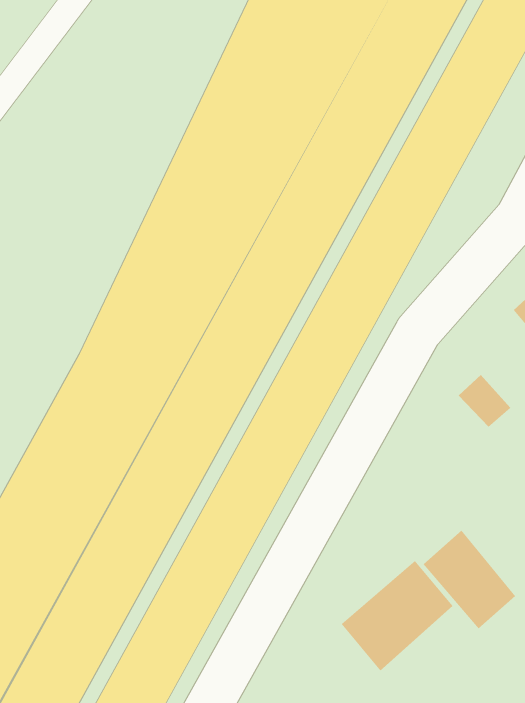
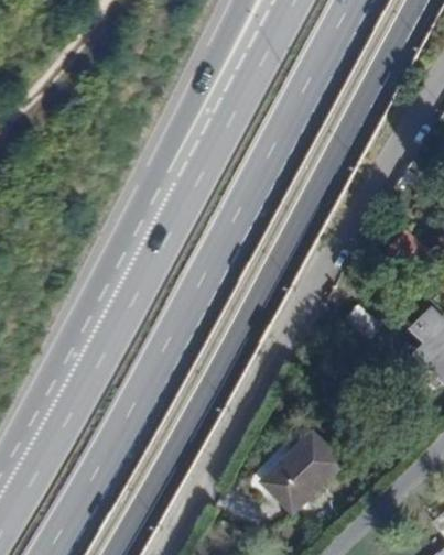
building: [423,530,516,629] -> none

